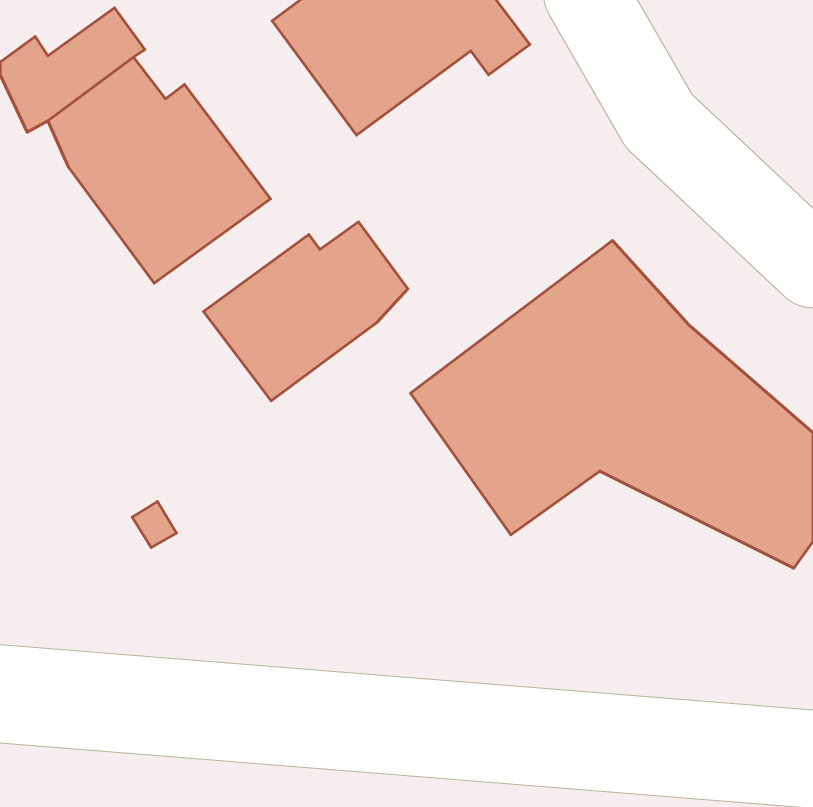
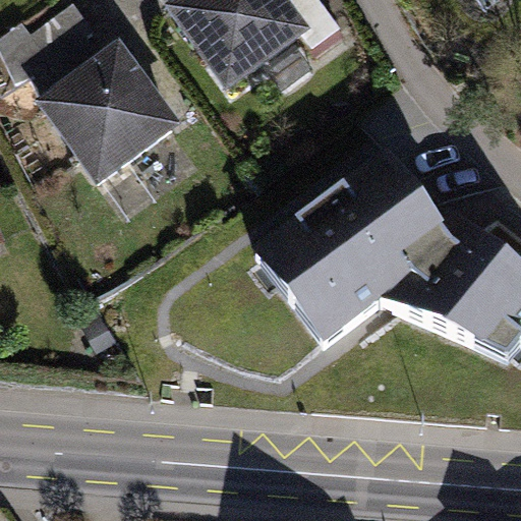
building: [203,222,408,401] -> none

